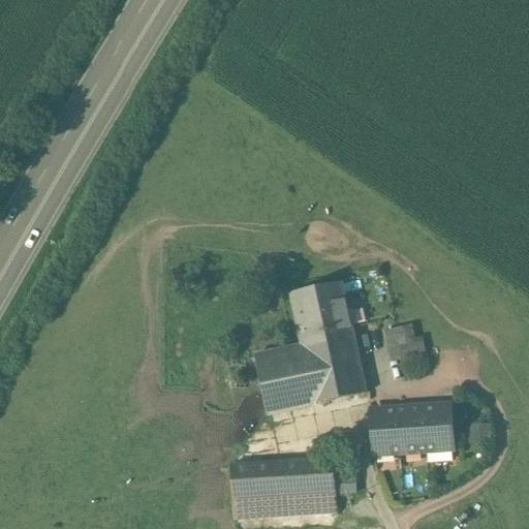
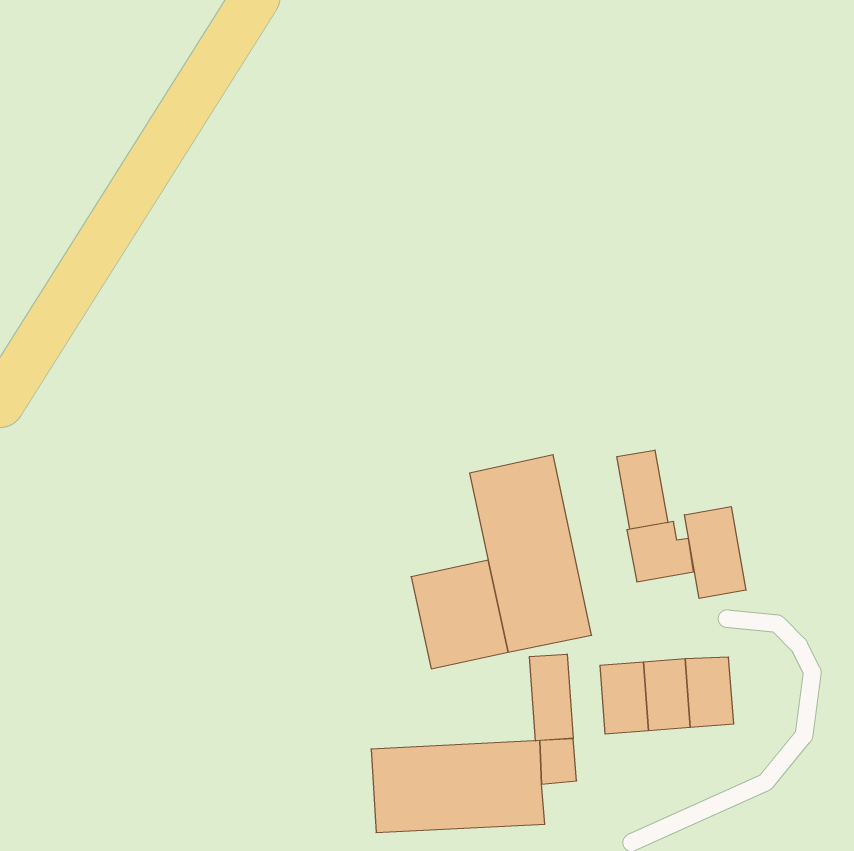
building: none -> [617,450,668,529]
building: none -> [684,507,746,598]
building: none -> [529,654,573,741]

